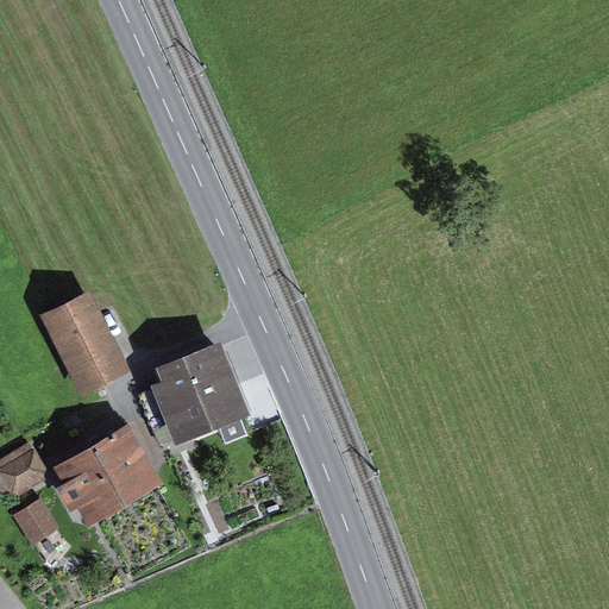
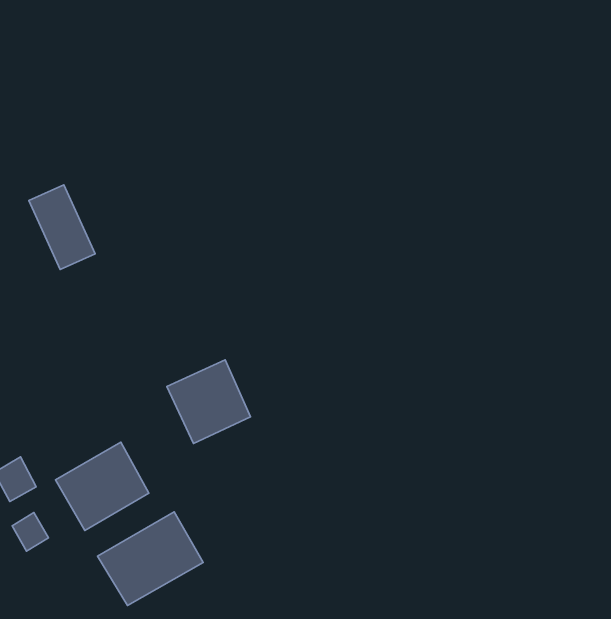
building: [57,303,123,387] -> [29,185,95,270]
building: none -> [97,512,203,605]

